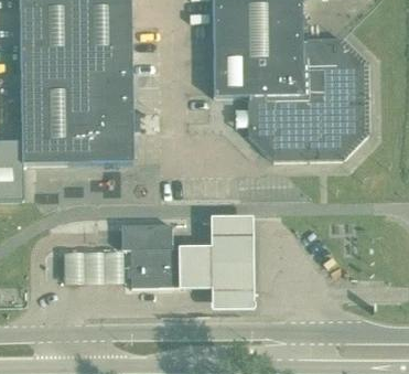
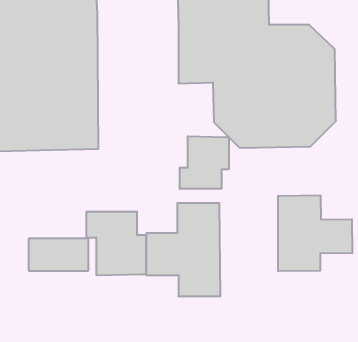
building: none -> [180,136,229,189]
building: none -> [278,195,352,271]

